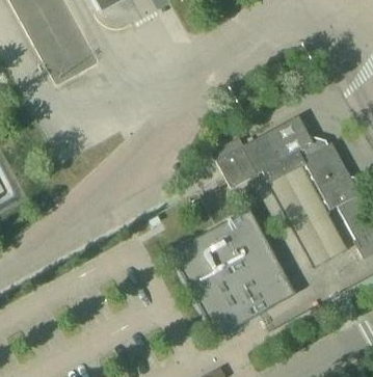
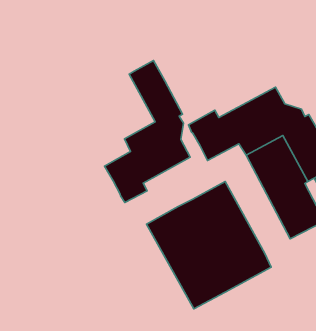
building: none -> [105,61,190,203]

